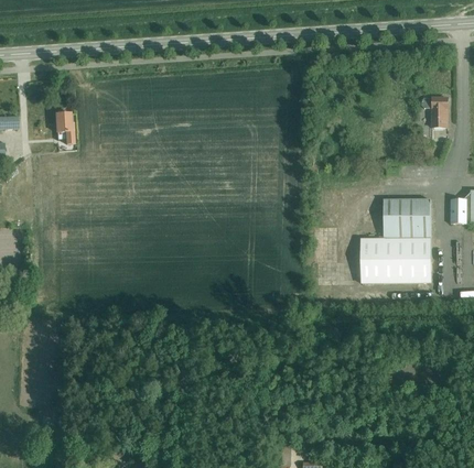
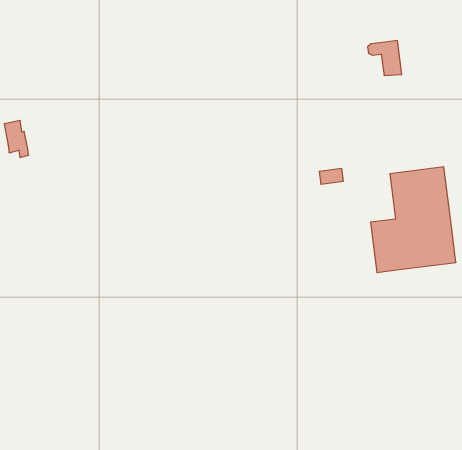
building: [420,97,446,127] -> [368,41,402,75]

